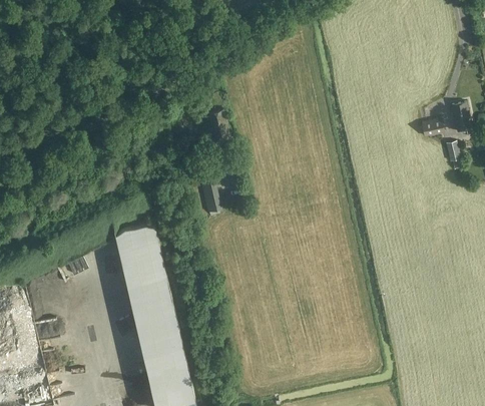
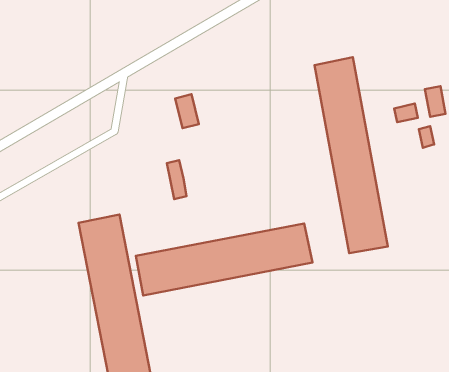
building: none -> [315,57,388,253]
building: none -> [136,223,312,296]

